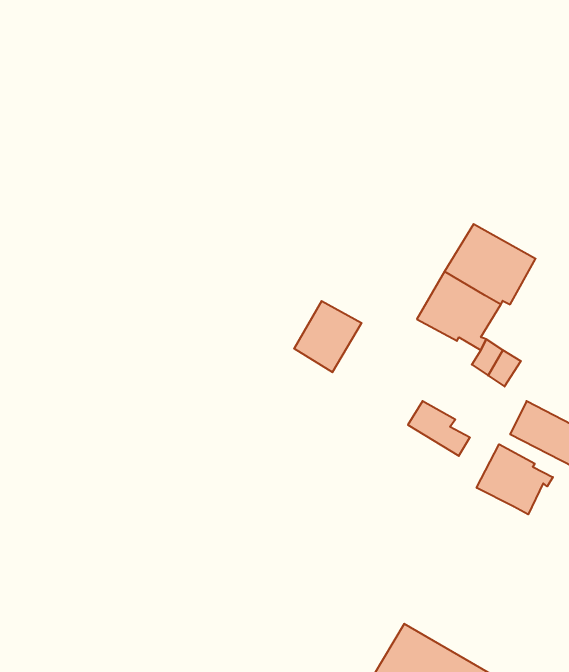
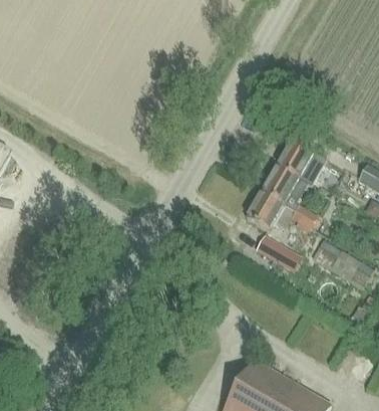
building: [294,301,362,372] -> [246,191,283,230]
building: [477,444,553,514] -> none

